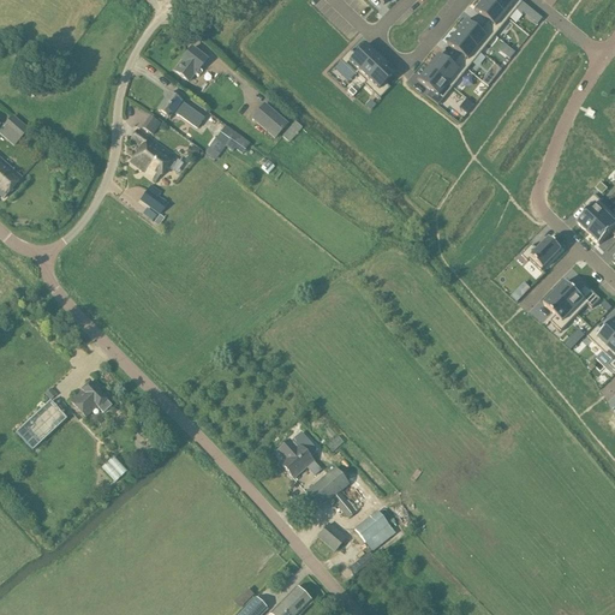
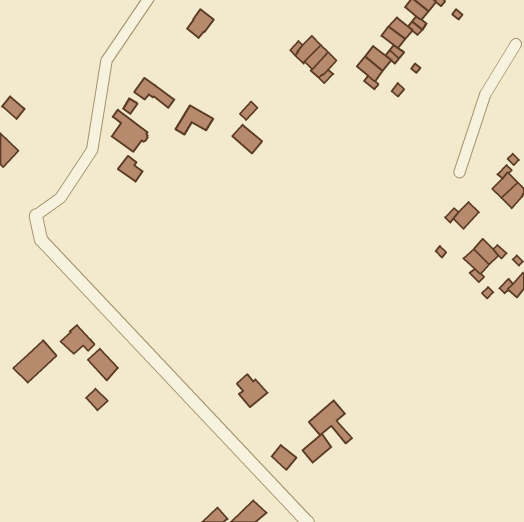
building: [175,46,207,79] -> [187,9,214,38]
building: [252,103,287,137] -> [232,125,262,153]
building: none -> [88,349,118,380]
building: [306,466,357,517] -> [309,400,352,443]

